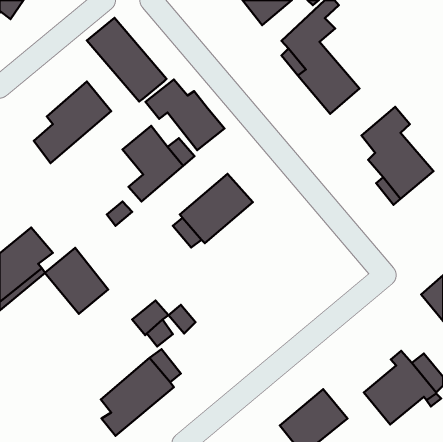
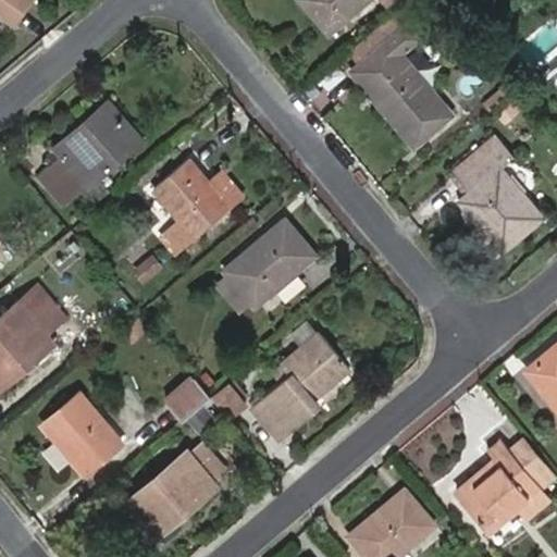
building: [87,18,167,101] -> none
building: [146,79,225,150] -> none
building: [45,248,108,314] -> [44,394,123,476]
building: none -> [251,333,350,440]

